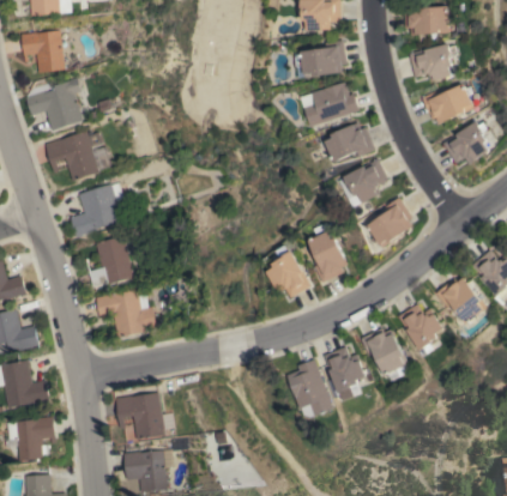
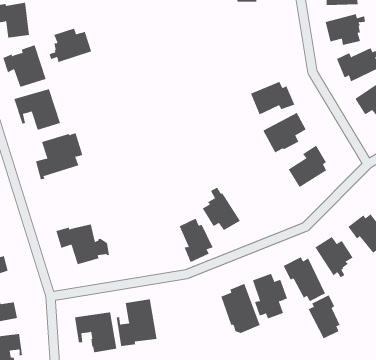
building: [300,40,345,77] -> none
building: none -> [49,28,92,63]
building: [300,81,357,126] -> none
building: [307,230,348,283] -> [179,218,214,263]
building: [87,235,134,286] -> none
building: none -> [308,294,340,339]
building: none -> [116,298,157,347]

